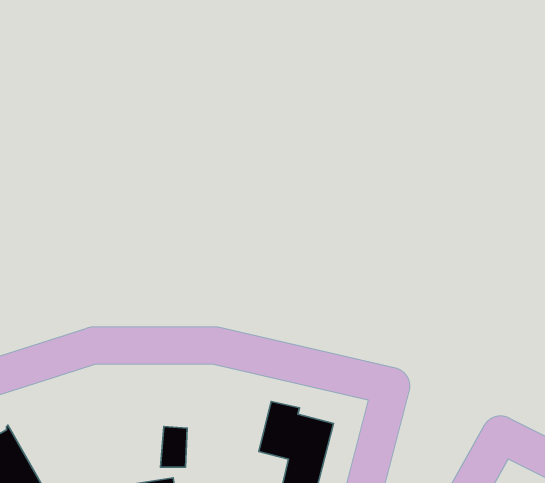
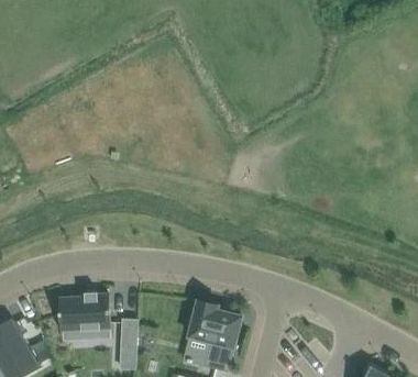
building: none -> [57,292,110,339]

